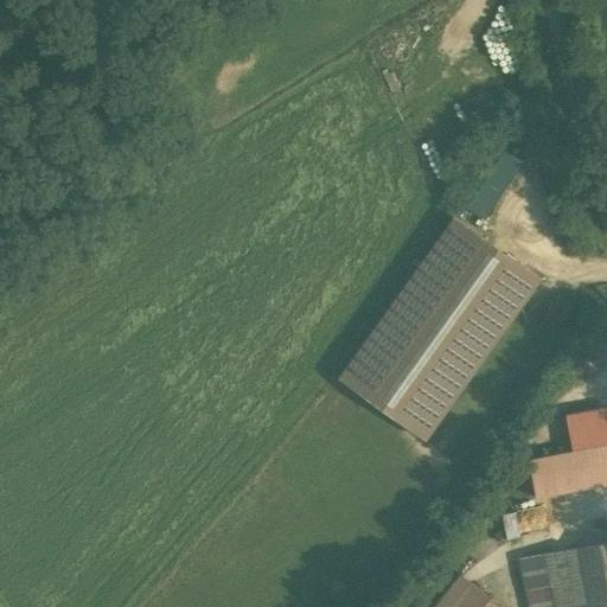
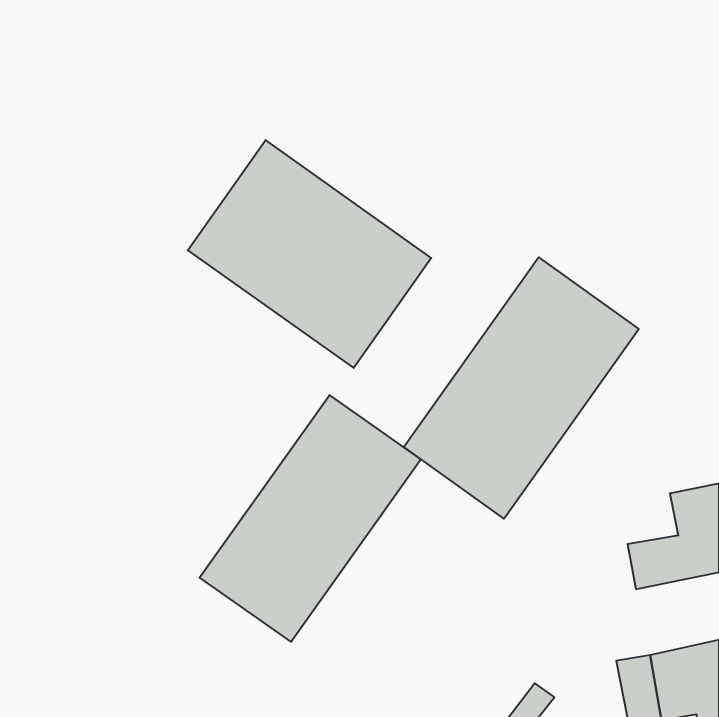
building: none -> [188,140,431,368]
building: none -> [200,395,421,642]

